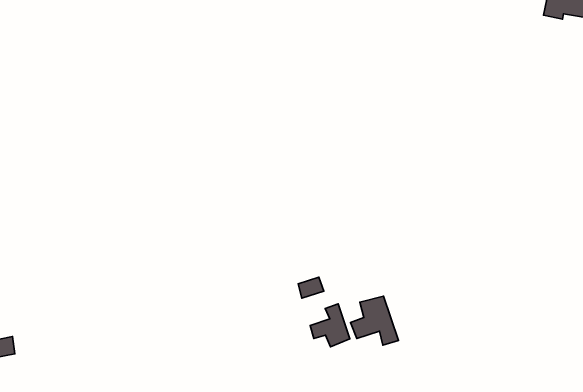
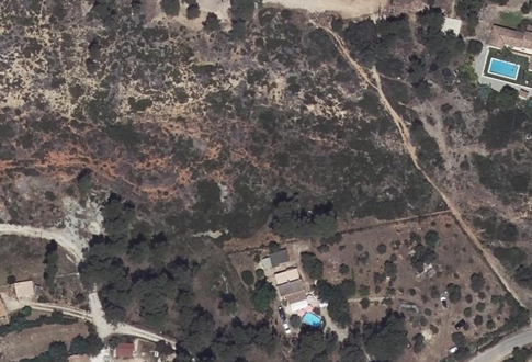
building: [350,296,398,345] -> none

